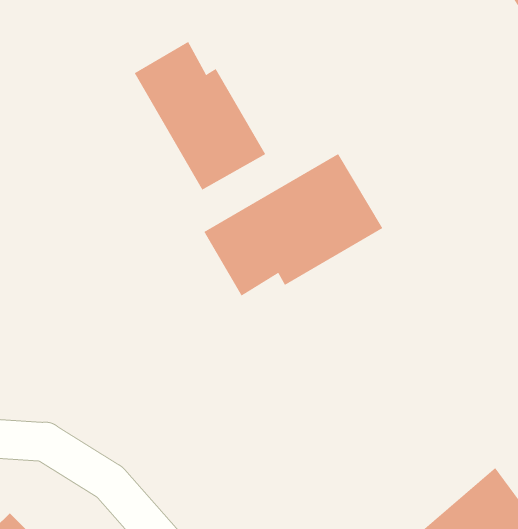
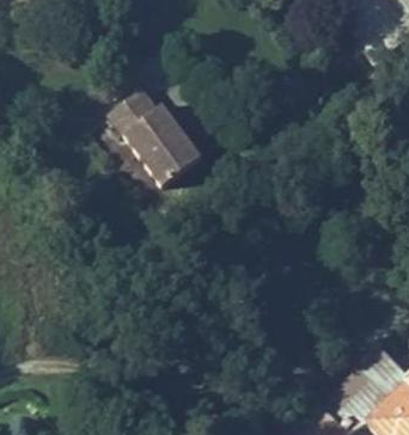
building: [204,153,383,297] -> none

